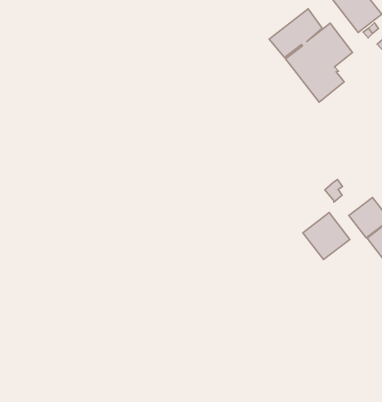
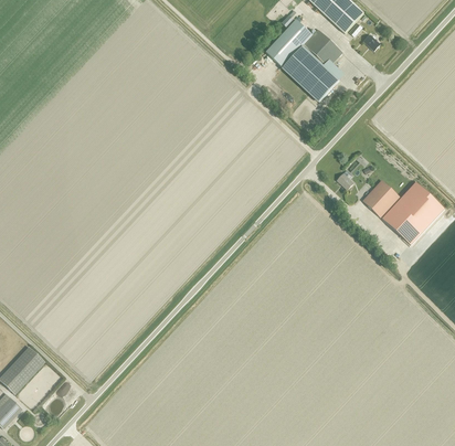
building: [303,213,350,260] -> none

